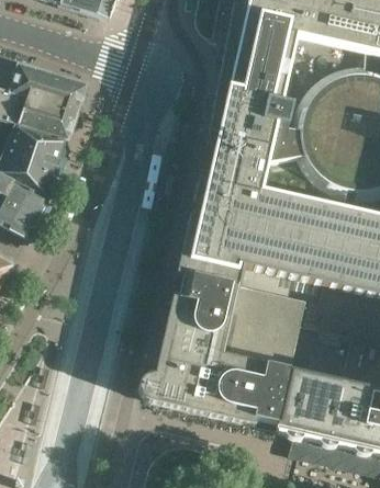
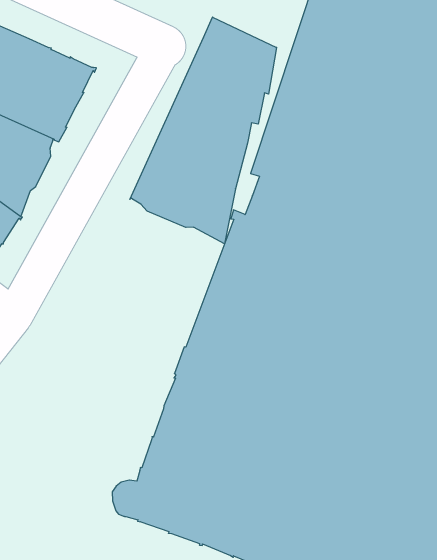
building: none -> [130,17,277,244]

